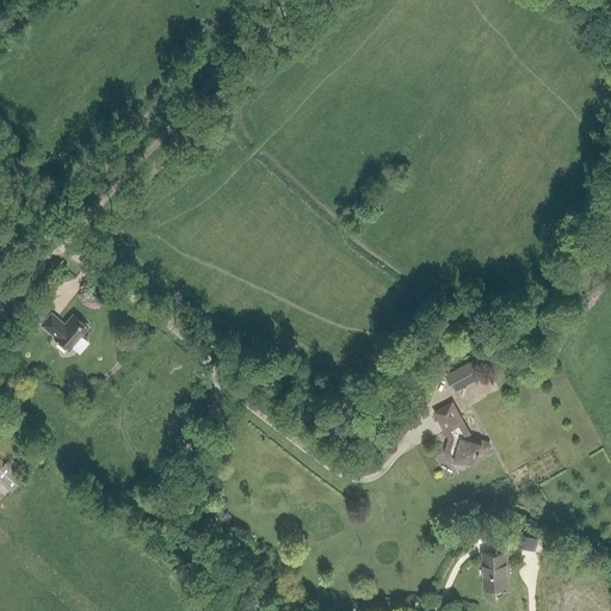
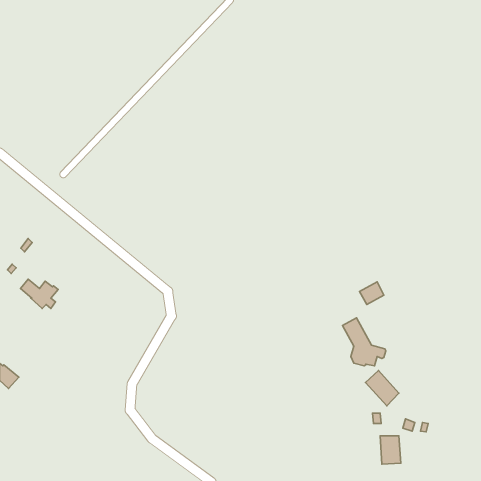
building: [39,315,87,352] -> [21,279,58,308]
building: none -> [366,371,399,406]

